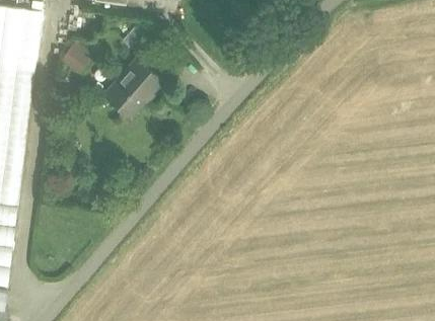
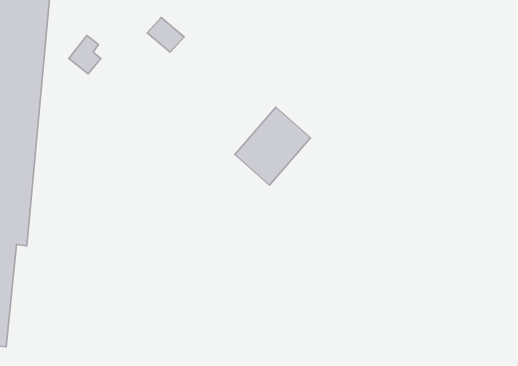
building: [98,57,158,118] -> [235,107,310,185]

